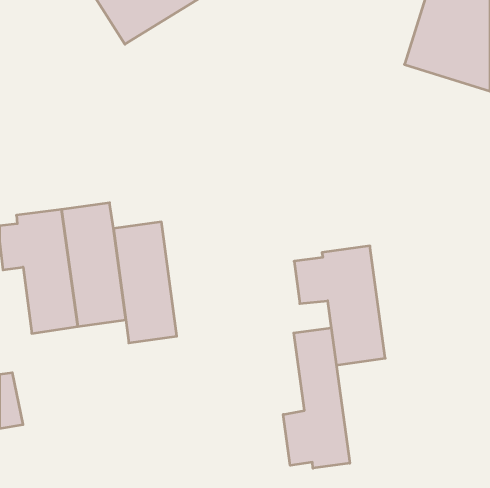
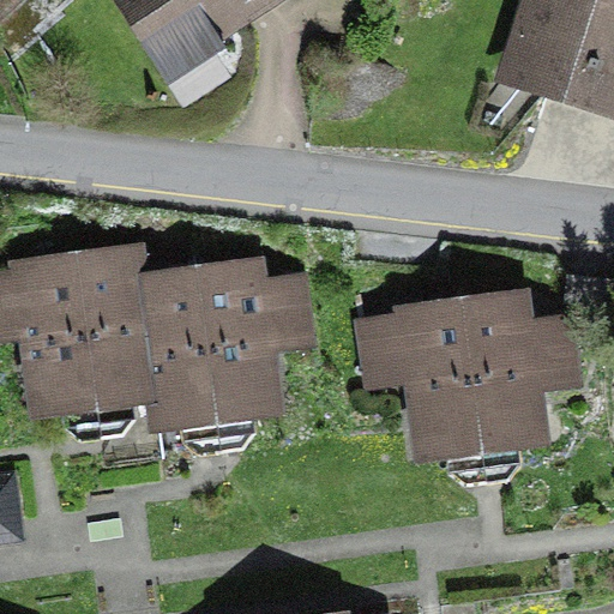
building: none -> [201,270,299,420]
building: none -> [462,299,564,447]
building: [283,328,350,468] -> none

